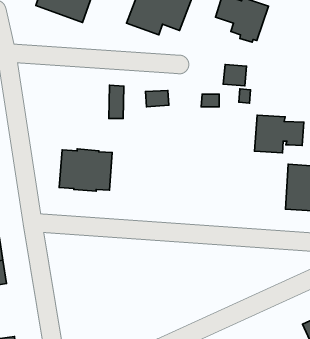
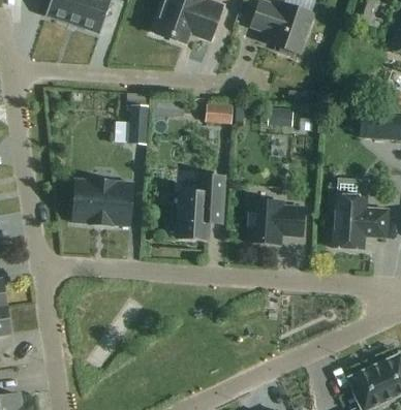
building: [223,64,247,86] -> [206,98,233,123]
building: [255,115,304,153] -> [247,199,304,243]
building: none -> [175,172,226,241]

